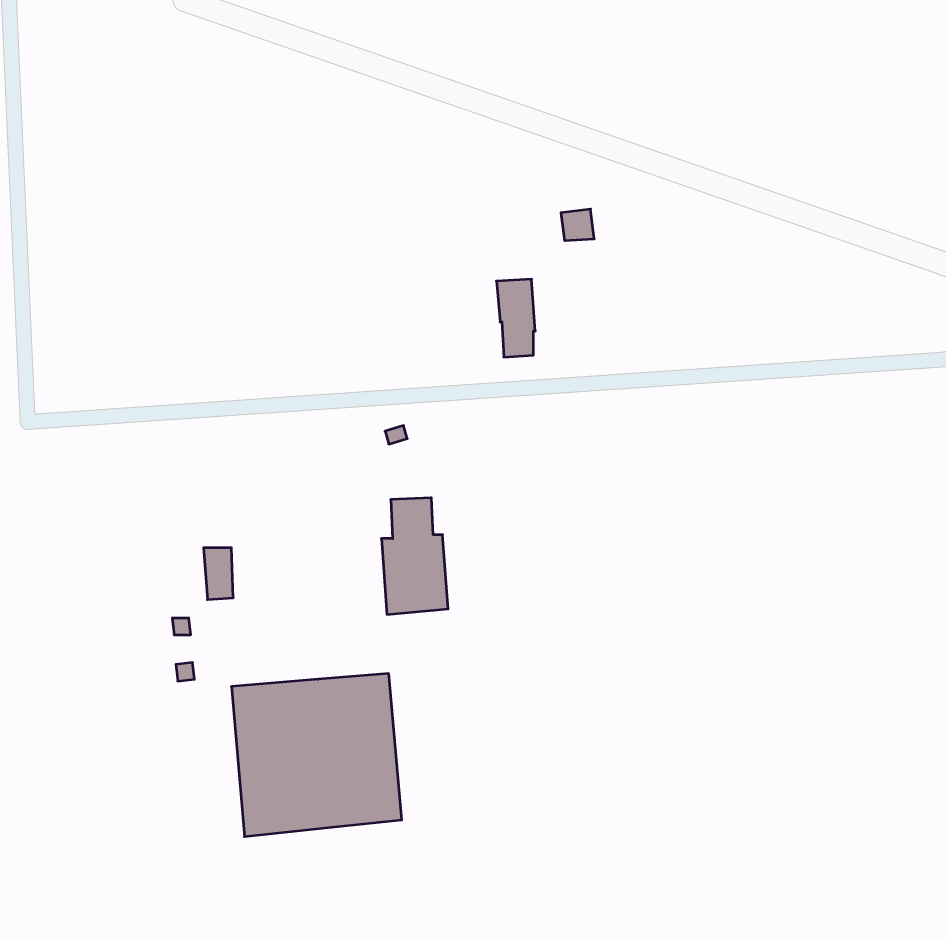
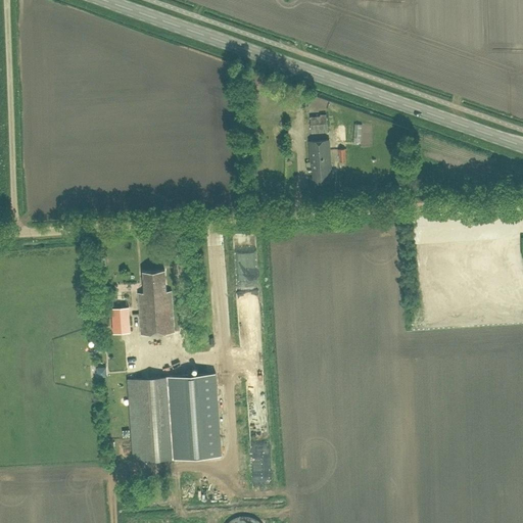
building: [496,279,535,357] -> [310,141,331,184]
building: [381,498,448,614] -> [138,272,175,336]

